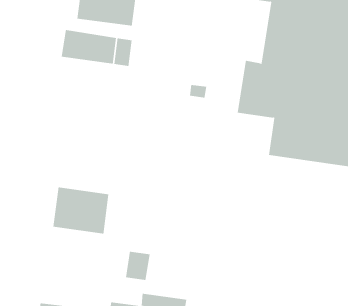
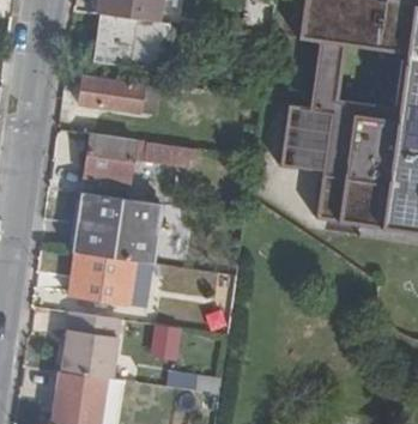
building: none -> [84,134,195,190]
building: none -> [74,193,157,262]
building: none -> [61,311,119,378]

